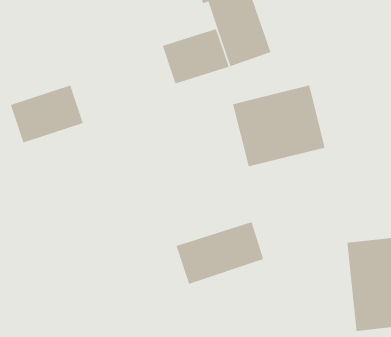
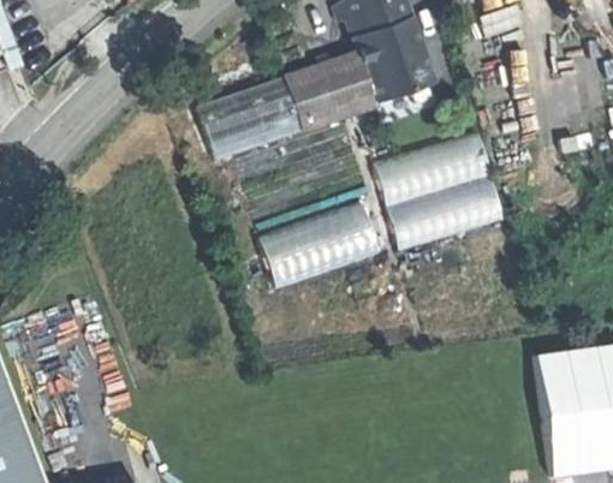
building: [10,84,84,144] -> [197,77,299,159]
building: [175,221,264,285] -> [262,198,385,286]

